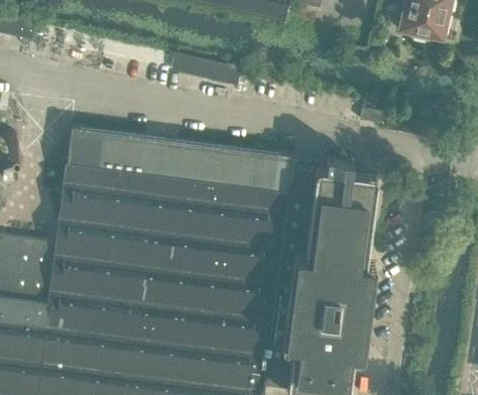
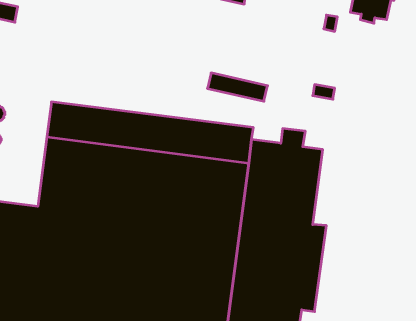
building: [173,54,240,86] -> [207,73,268,101]

